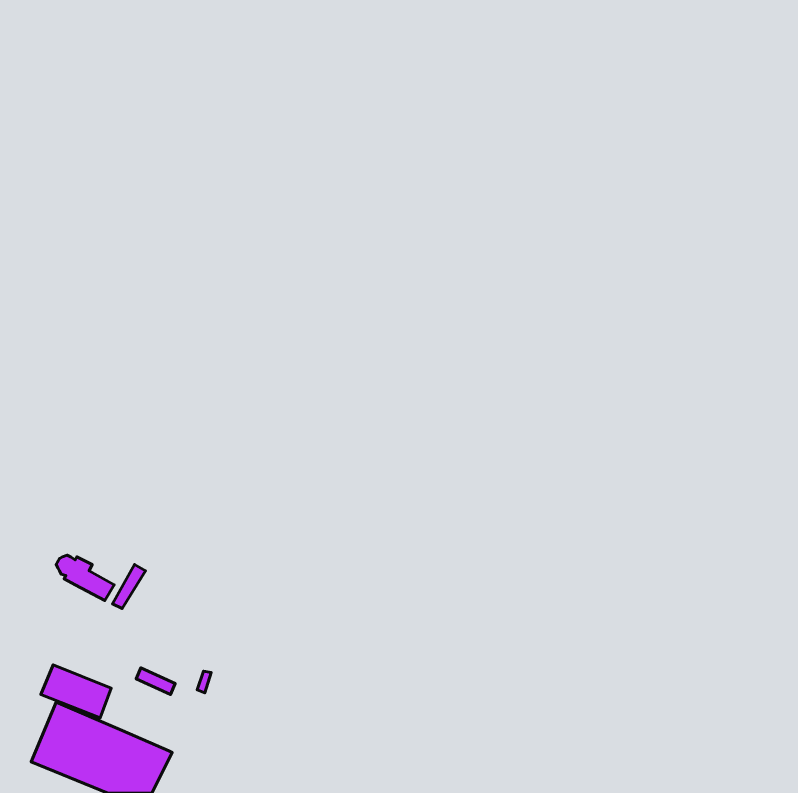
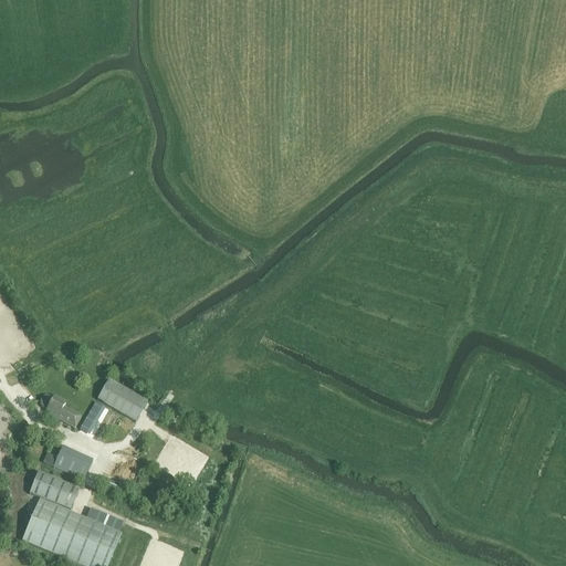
building: none -> [97,377,148,419]
building: none -> [53,443,93,479]

